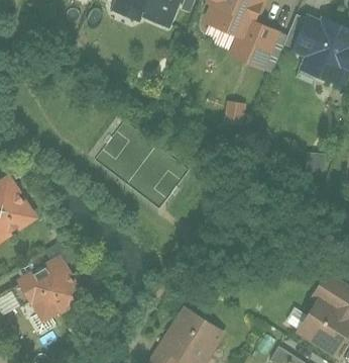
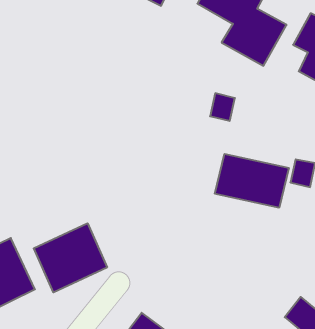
building: none -> [215,154,289,208]
building: none -> [34,223,107,292]

